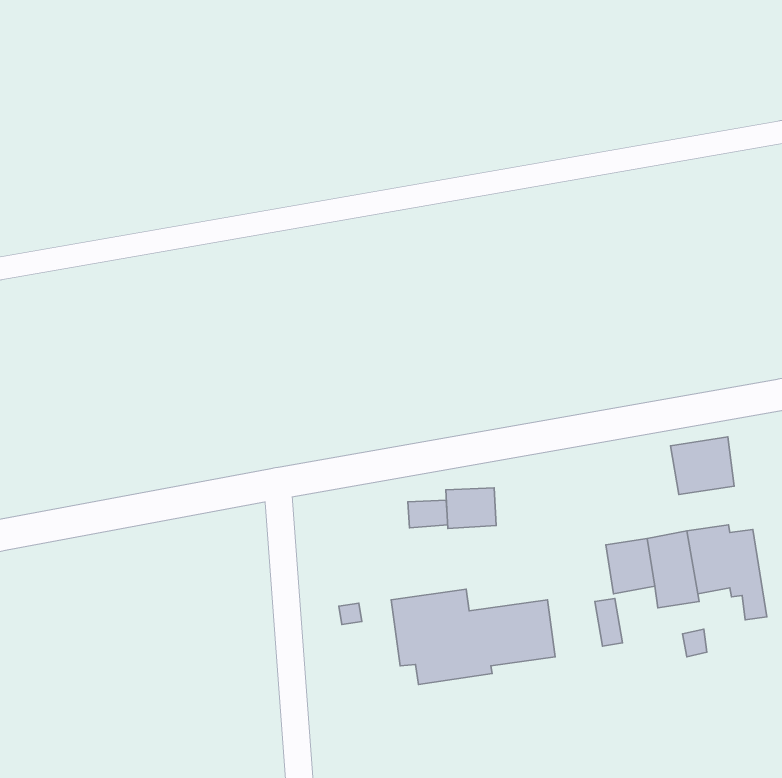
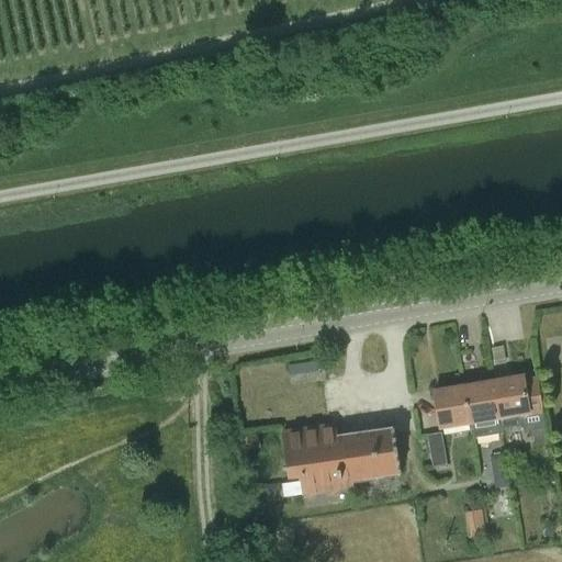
building: [671,437,734,495] -> none
building: [446,488,496,529] -> none

